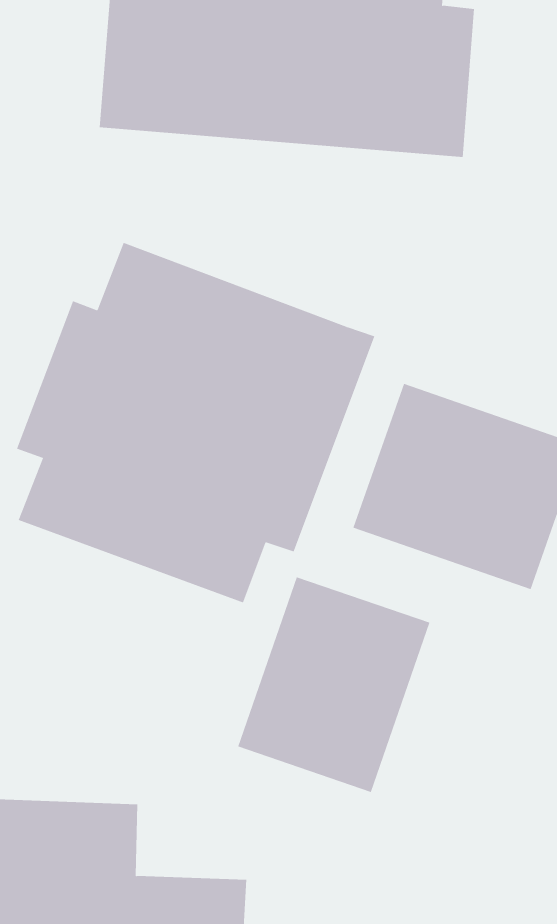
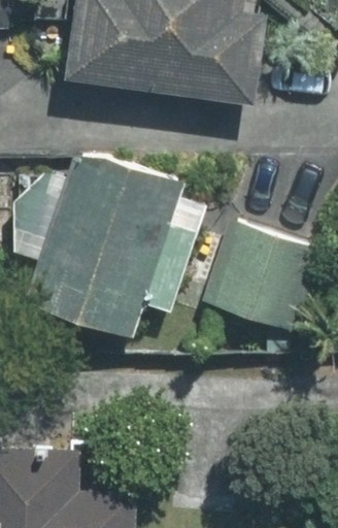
building: [237,576,430,793] -> none

